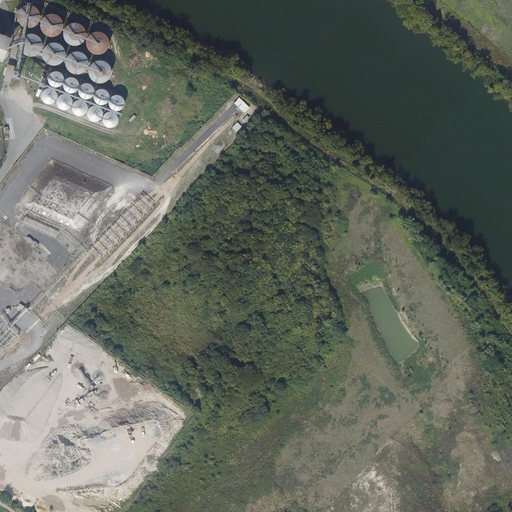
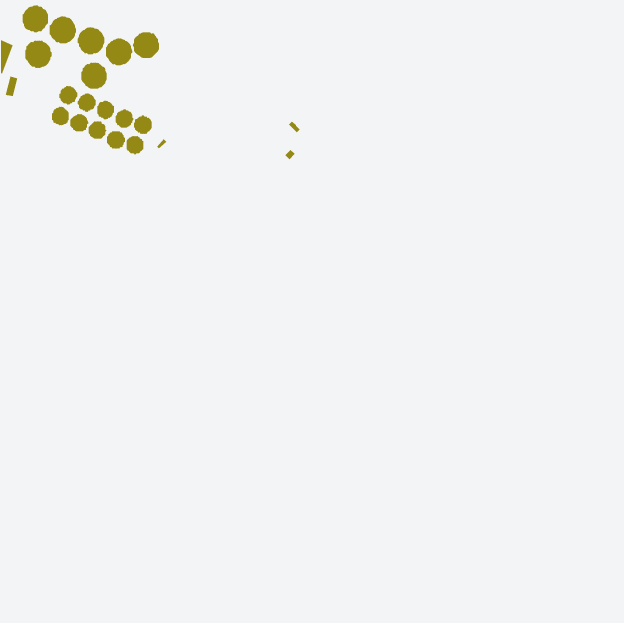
building: [43,42,65,64] -> none
building: [88,60,111,82] -> [132,32,160,59]

